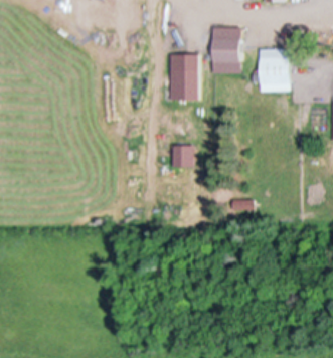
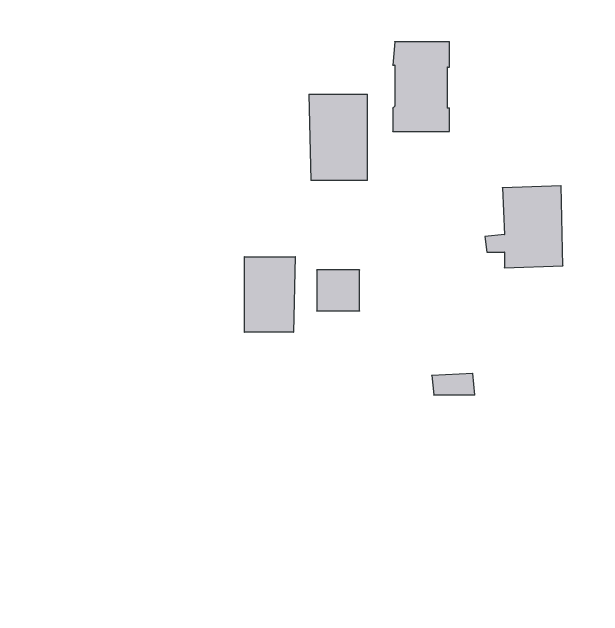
building: [249,49,290,92] -> [485,186,563,268]
building: none -> [244,257,295,332]

